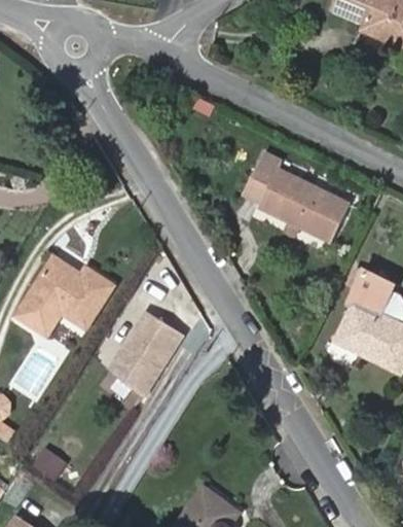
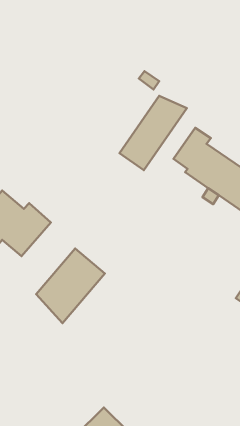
building: none -> [120,96,187,170]

